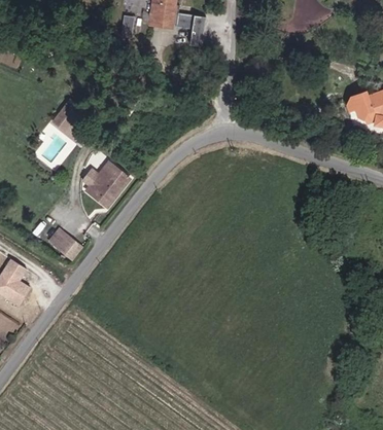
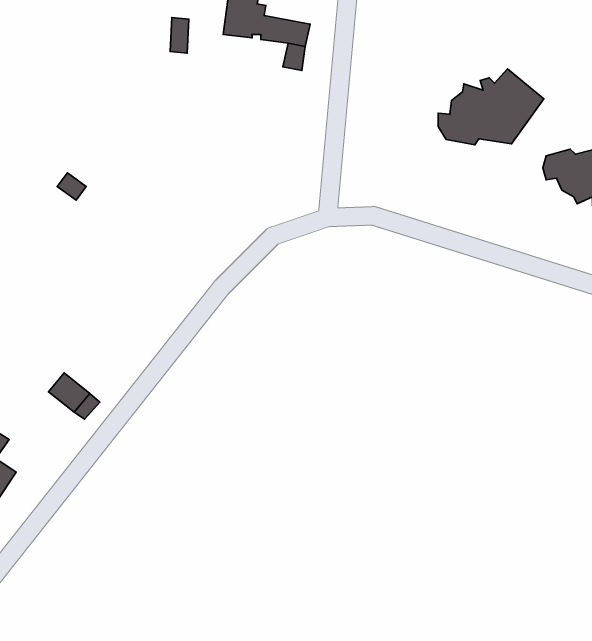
building: none -> [438,69,544,145]
building: [86,160,130,204] -> none

